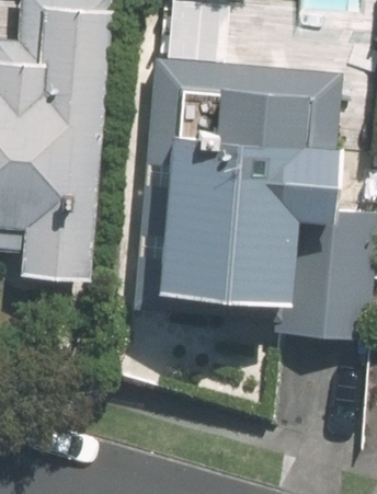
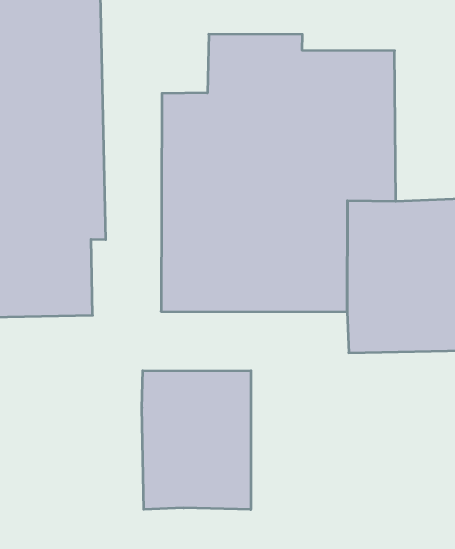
building: none -> [142,371,251,510]

